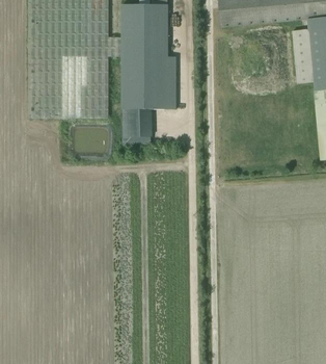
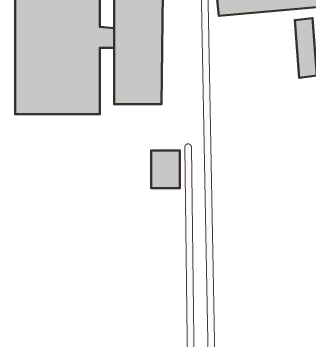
building: [124,108,151,144] -> [151,151,180,188]

